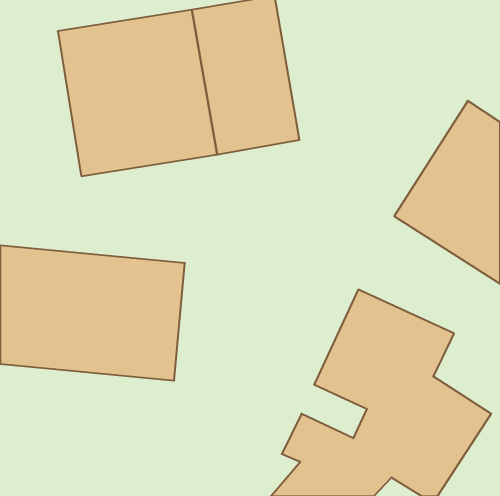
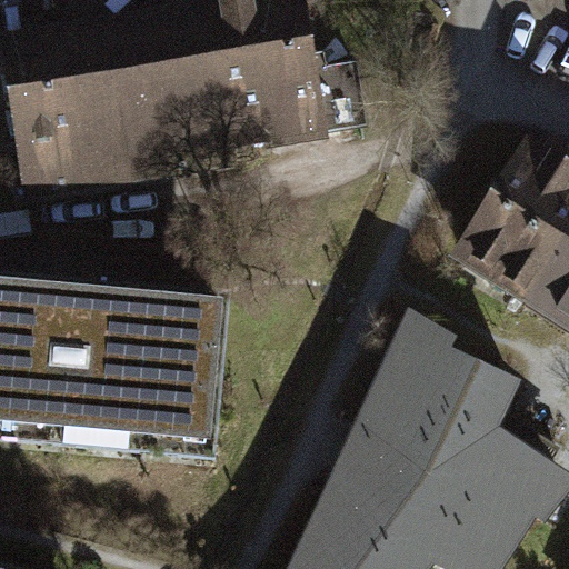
building: none -> [6,36,92,211]

